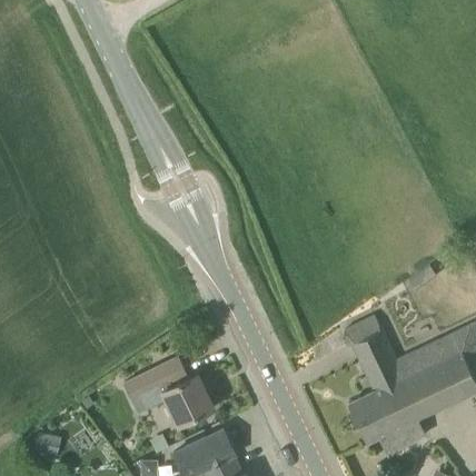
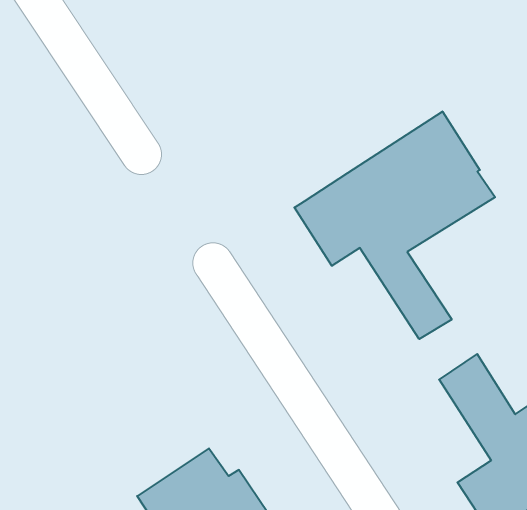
building: none -> [294,111,495,339]

